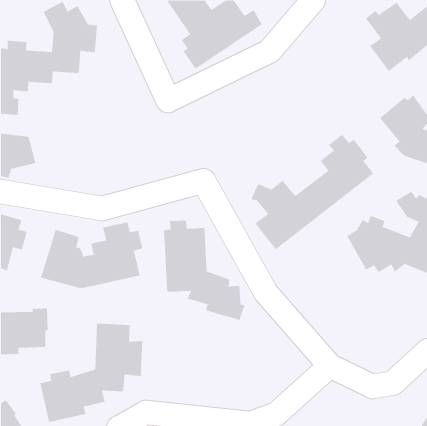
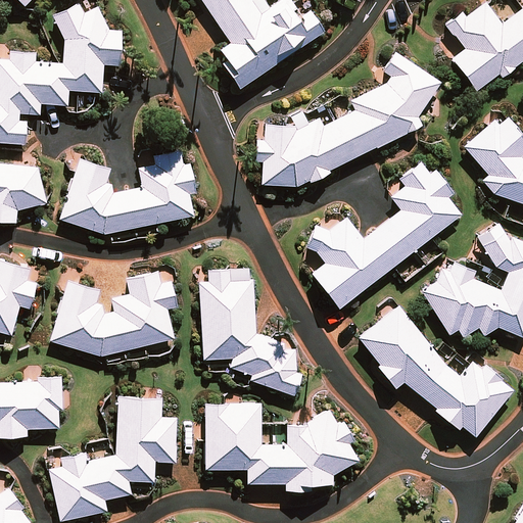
building: none -> [255,54,439,184]
building: none -> [61,152,194,232]
building: none -> [359,307,511,433]
building: none -> [206,405,356,489]

